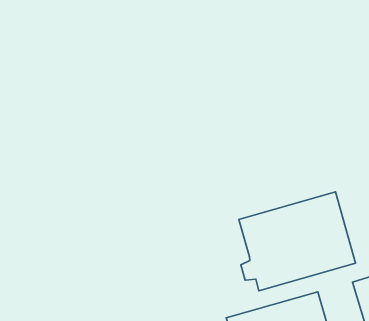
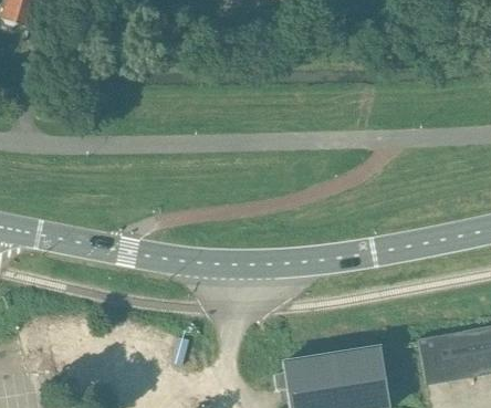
building: [239,192,356,291] -> none

